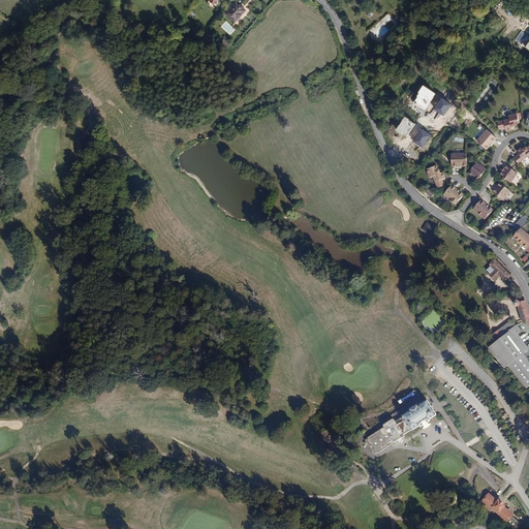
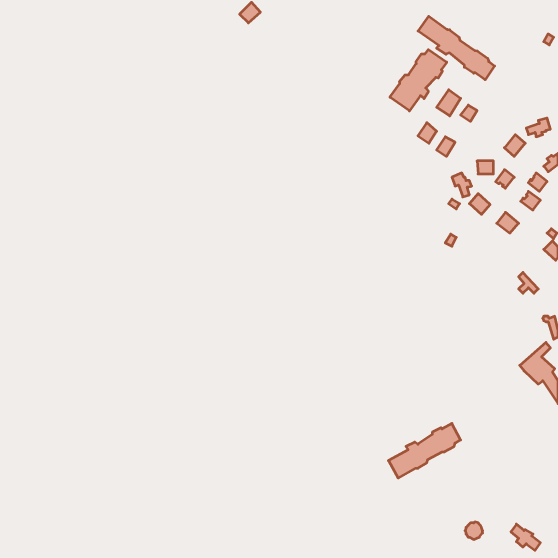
building: none -> [418,16,495,80]
building: none -> [390,50,447,111]

